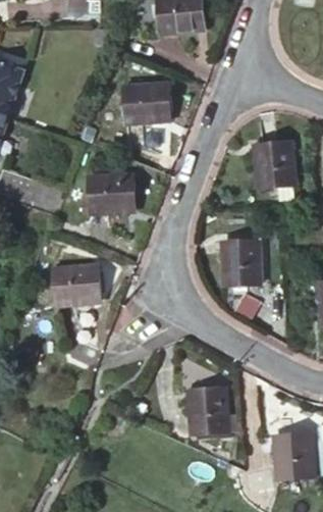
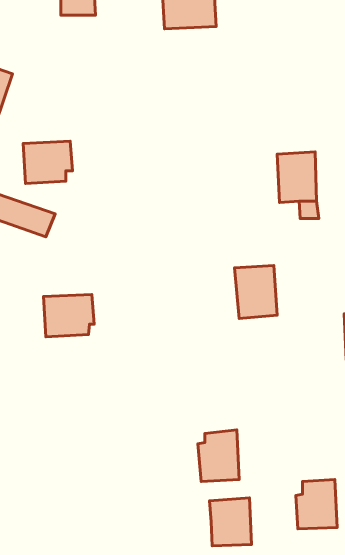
building: [123,83,168,122] -> none
building: [88,174,131,212] -> [23,141,73,184]
building: none -> [210,498,251,546]

